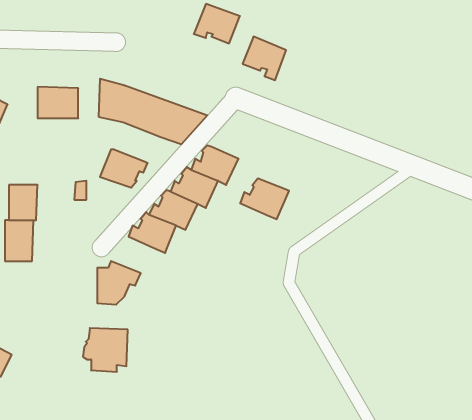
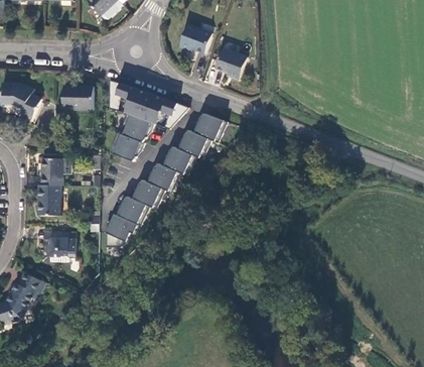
building: none -> [119,111,154,140]
building: [240,179,289,219] -> [191,111,228,141]
building: none -> [115,195,150,224]
building: [83,328,128,372] -> [42,229,76,261]

